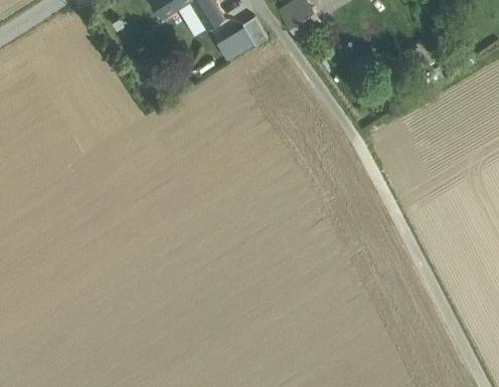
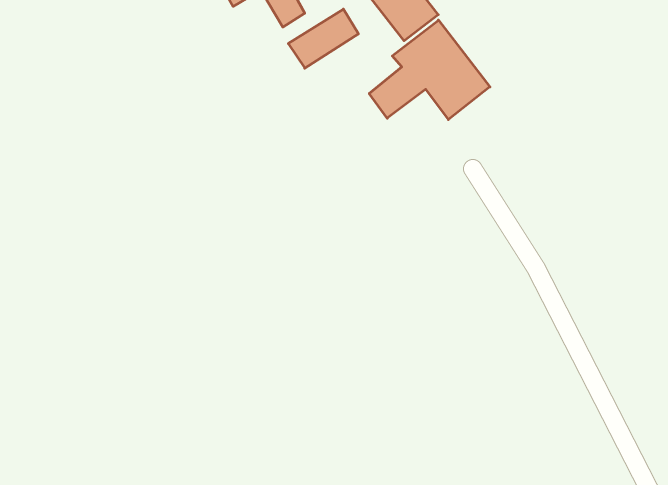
building: none -> [369,20,490,120]

